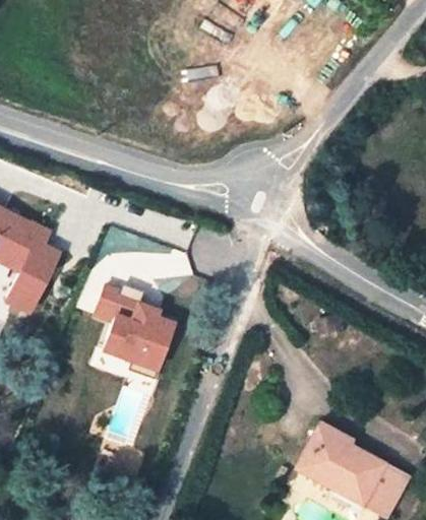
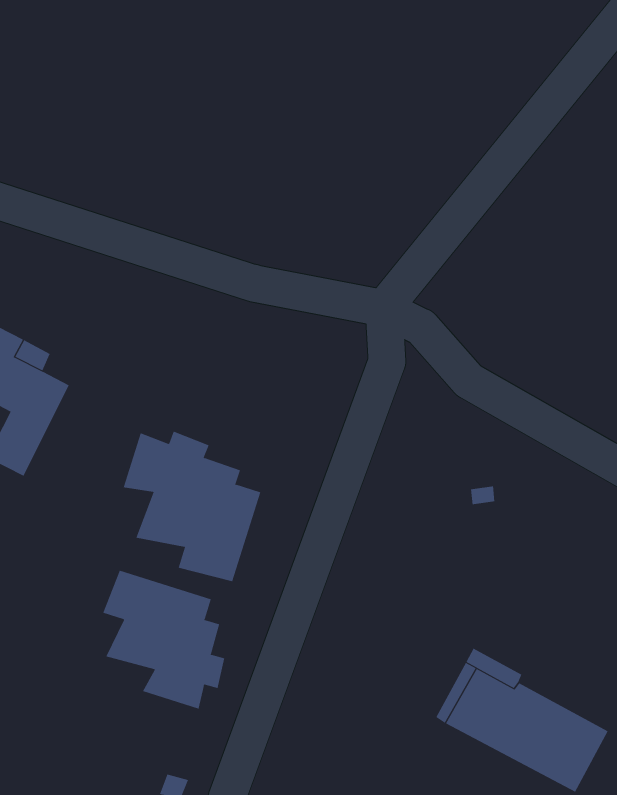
building: none -> [102,570,225,710]

